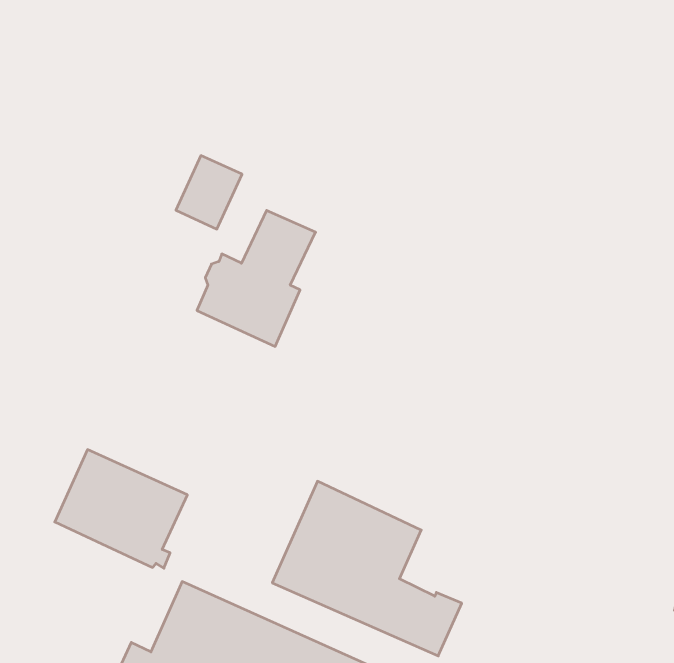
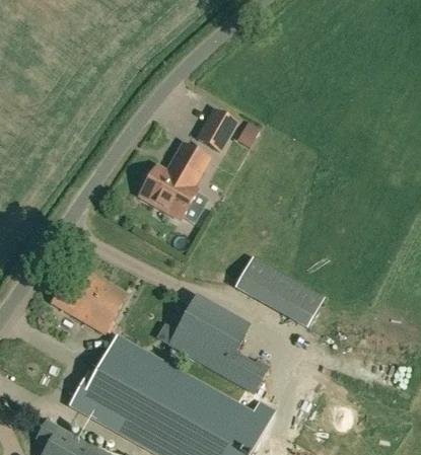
building: [176,156,242,229] -> [199,110,236,151]
building: none -> [236,258,325,328]

